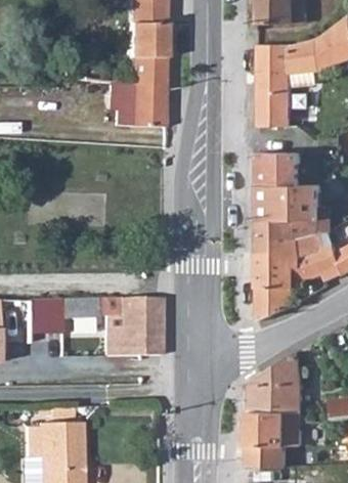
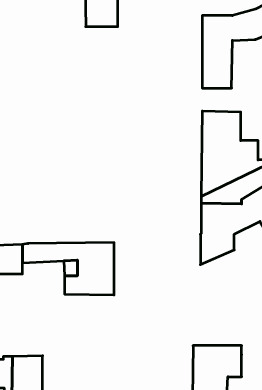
building: [106,56,164,125] -> none
building: [248,351,301,411] -> none

